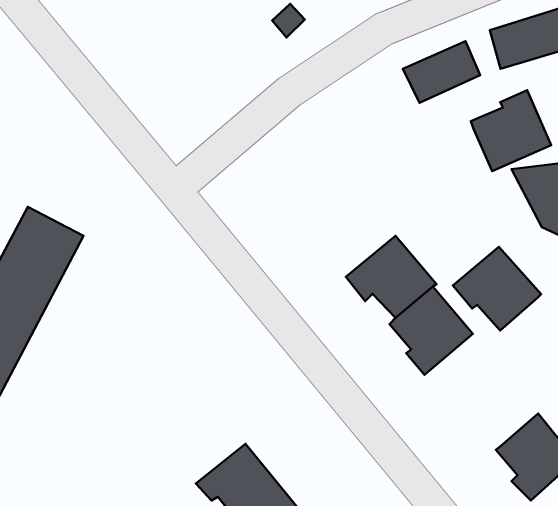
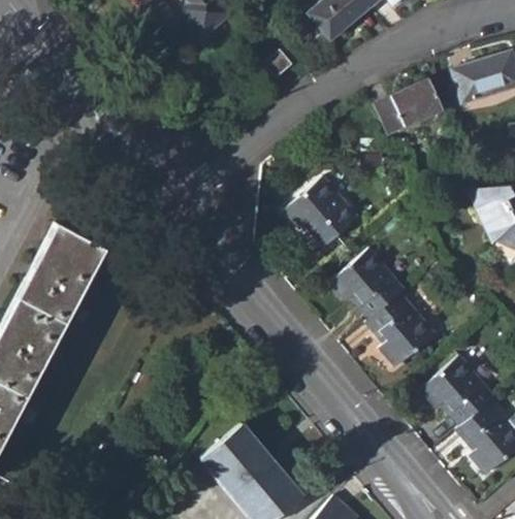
building: [471,90,551,171] -> none
building: none -> [282,176,357,247]
building: [453,247,541,330] -> [419,356,494,427]

